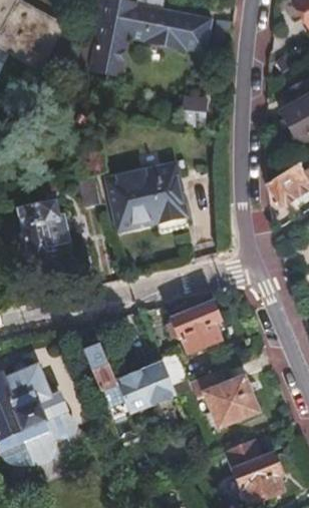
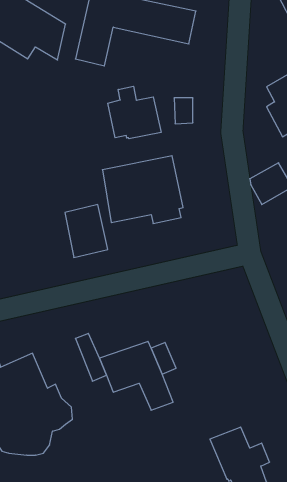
building: none -> [108,86,161,139]
building: [22,207,65,261] -> [65,205,108,257]
building: [170,302,217,352] -> none
building: [196,380,253,424] -> none

